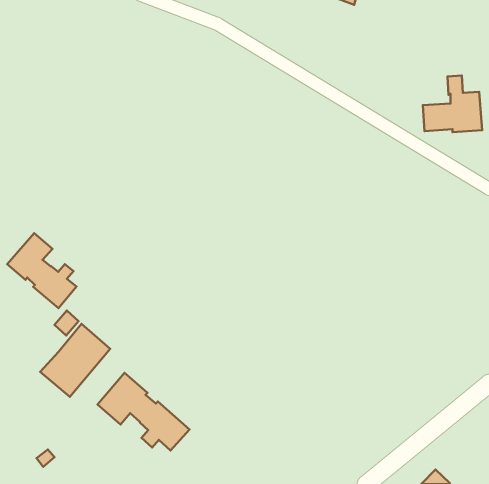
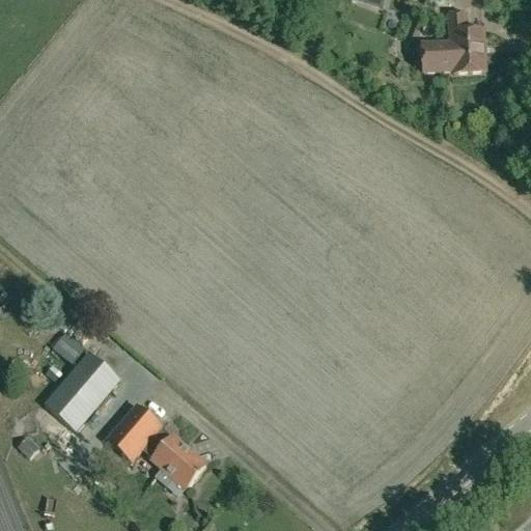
building: [423,76,482,132] -> [421,9,485,71]
building: [7,233,76,308] -> none

